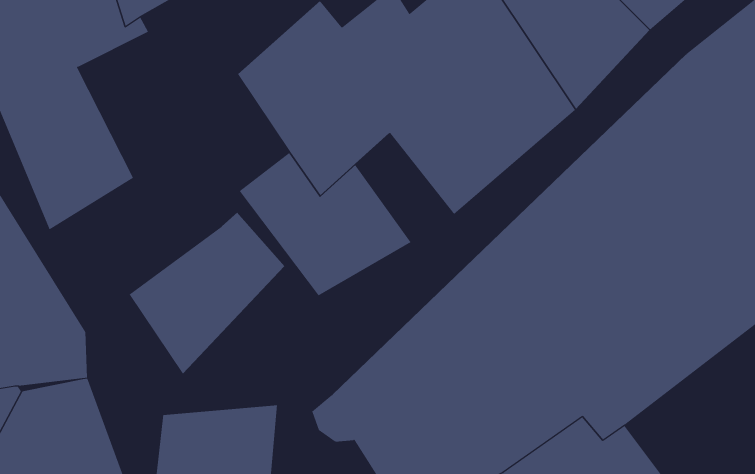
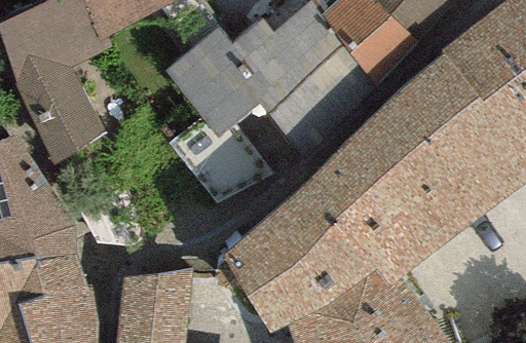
building: [129,212,285,374] -> none

